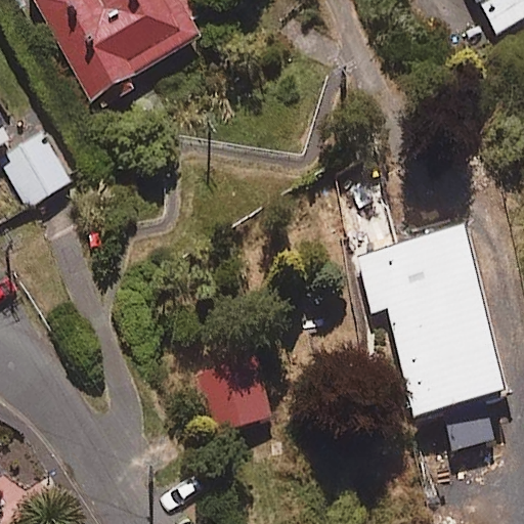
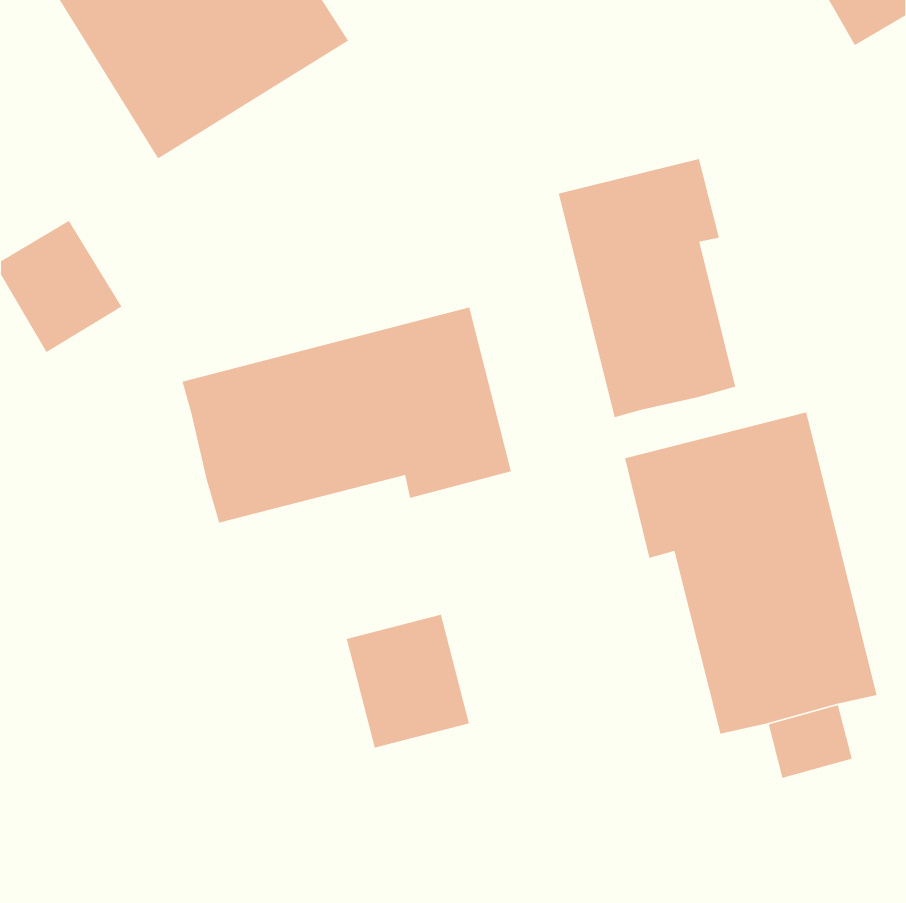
building: none -> [558,158,736,418]
building: none -> [181,307,512,523]

